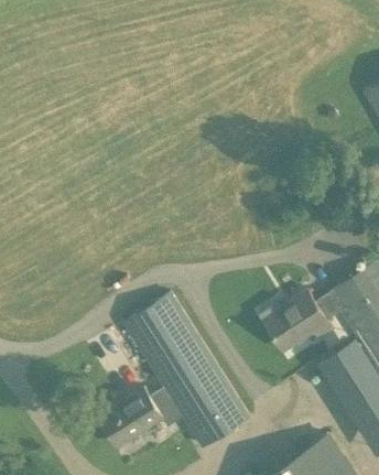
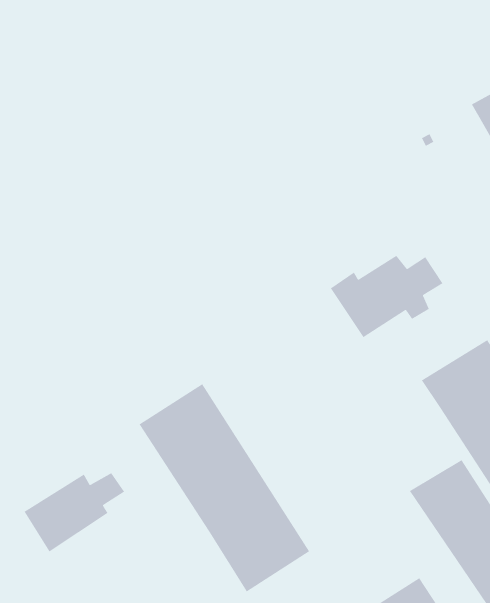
building: [259,291,342,352] -> [330,255,444,338]
building: [100,388,174,446] -> [23,472,125,552]

